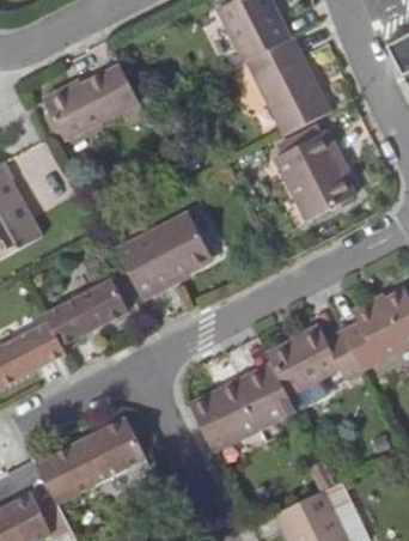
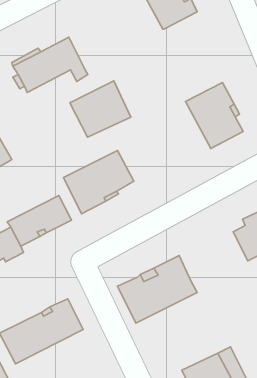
building: [249,36,335,134] -> none
building: none -> [70,81,131,137]
building: [264,324,361,393] -> none

